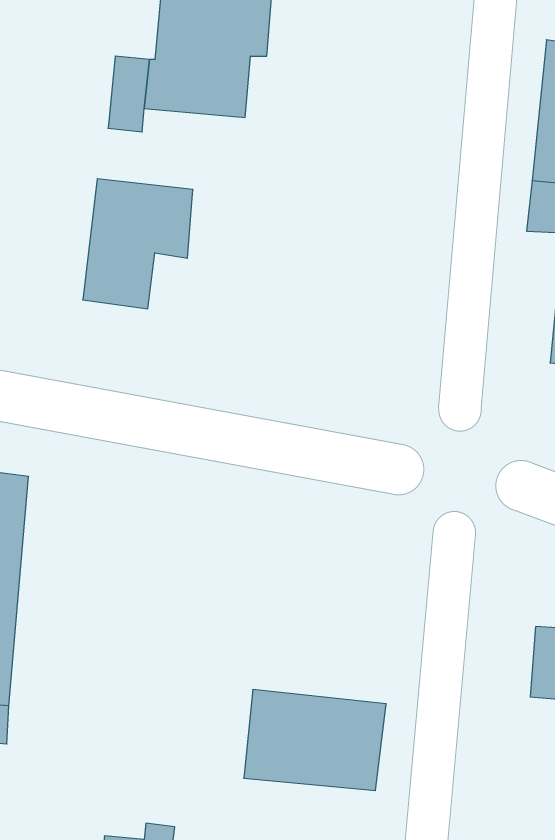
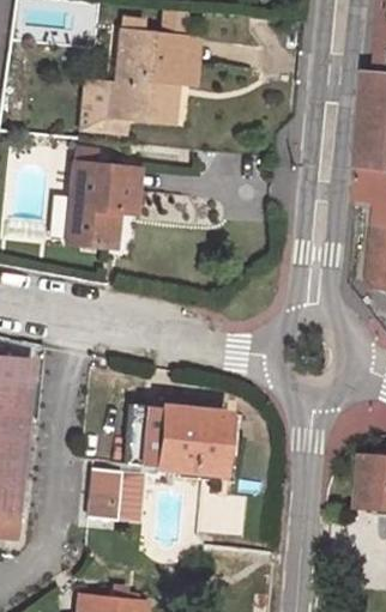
building: none -> [88,472,122,520]
building: [244,690,386,791] -> [129,410,224,477]

